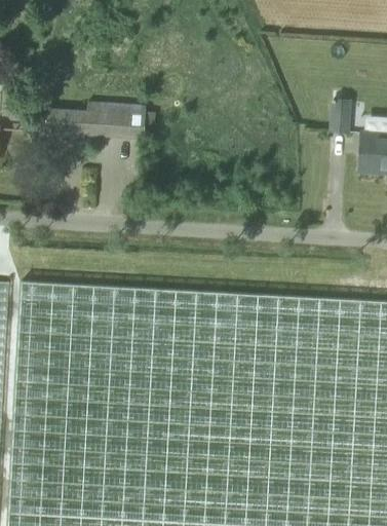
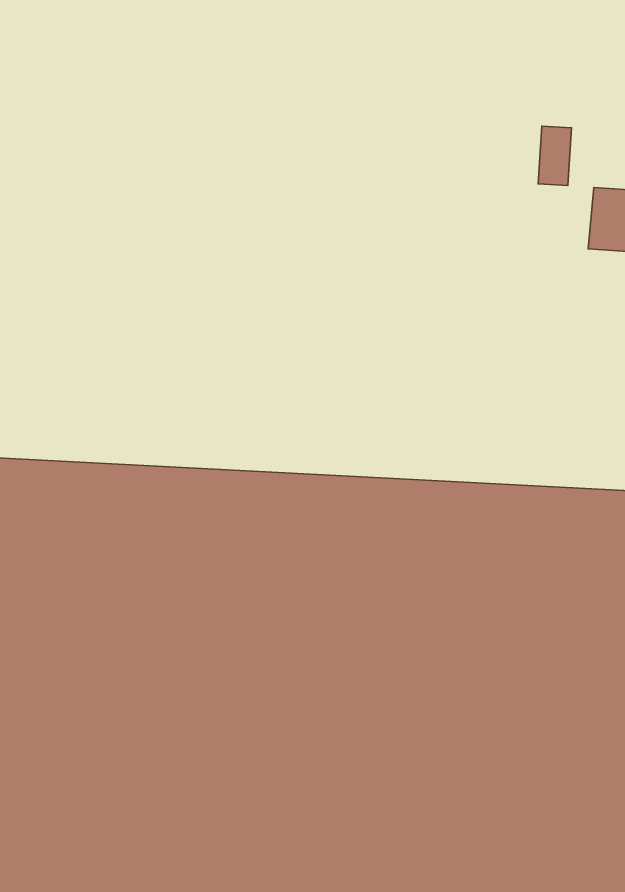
building: [44,101,146,138] -> none

